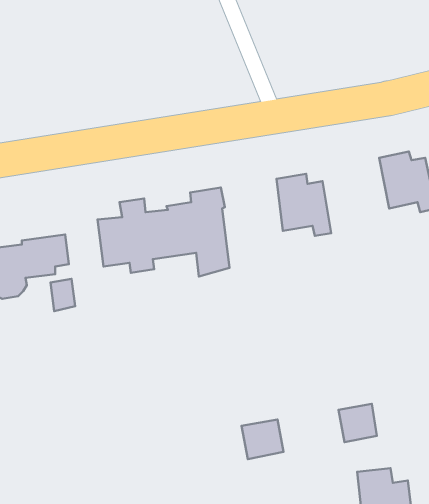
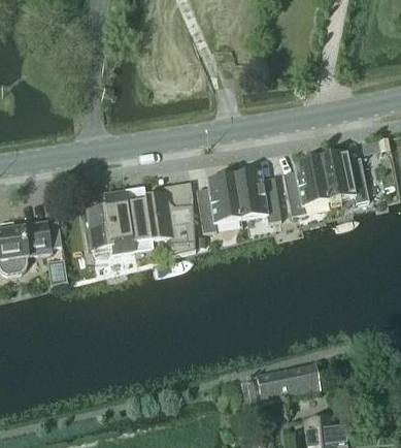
building: none -> [282,156,330,215]
building: none -> [196,173,241,231]
building: [242,420,284,459] -> [258,366,293,399]

